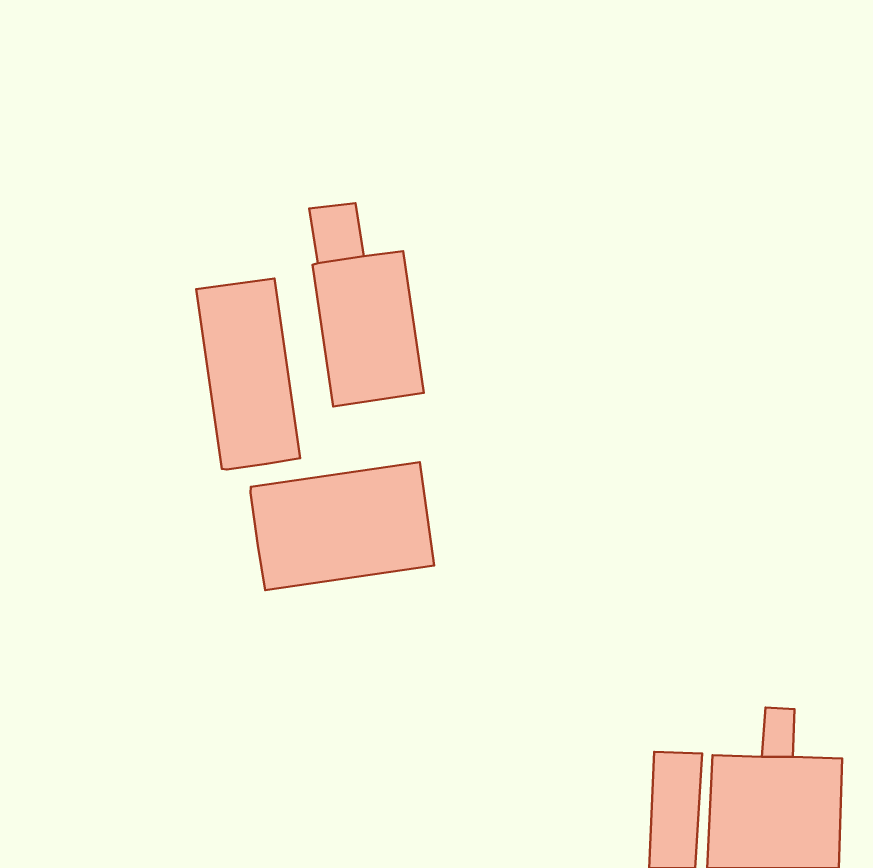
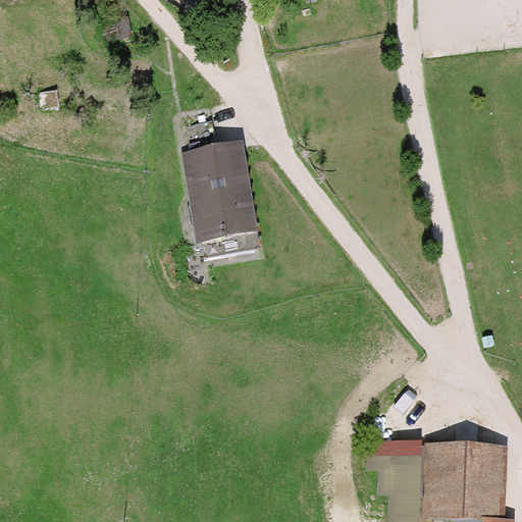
building: [196,279,300,469] -> none
building: [251,462,434,590] -> none

